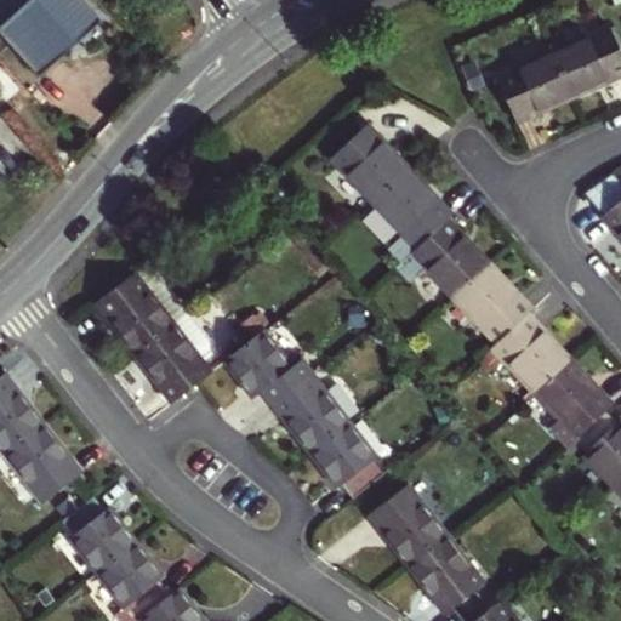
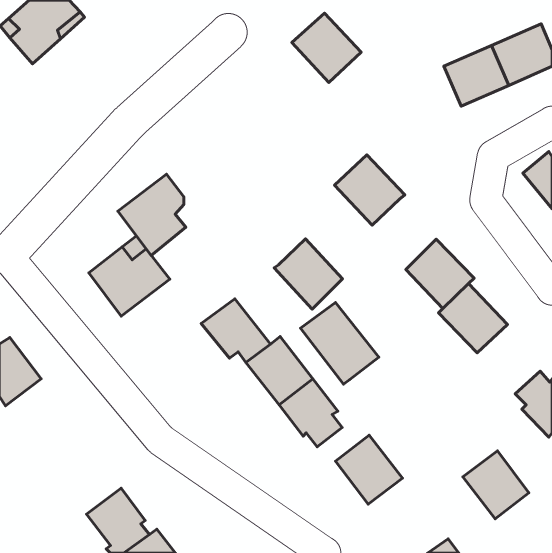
building: [334,130,411,207] -> [292,13,361,82]
building: [412,223,489,302] -> [274,239,342,309]
building: [136,313,212,404] -> [118,174,186,255]
building: none -> [301,302,379,384]
building: [535,364,613,451] -> none
building: [6,425,82,503] -> none
building: [64,500,136,576] -> none
building: [412,536,486,613] -> [463,451,529,519]

